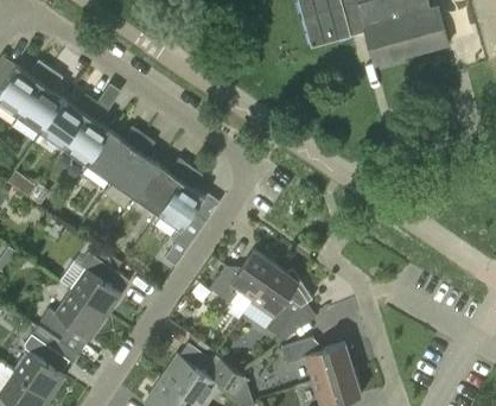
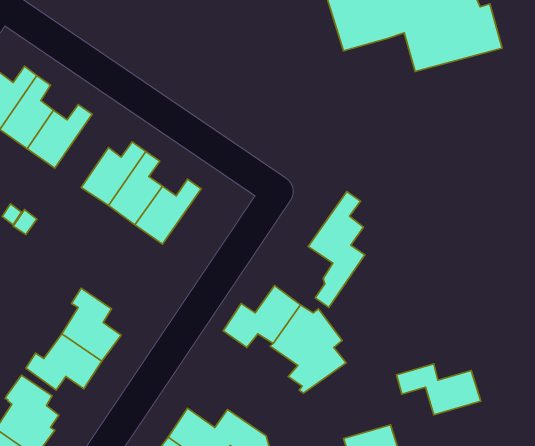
building: [64,102,110,165] -> none
building: [157,166,205,266] -> [308,191,365,307]
building: [280,337,352,381] -> [396,364,481,415]

